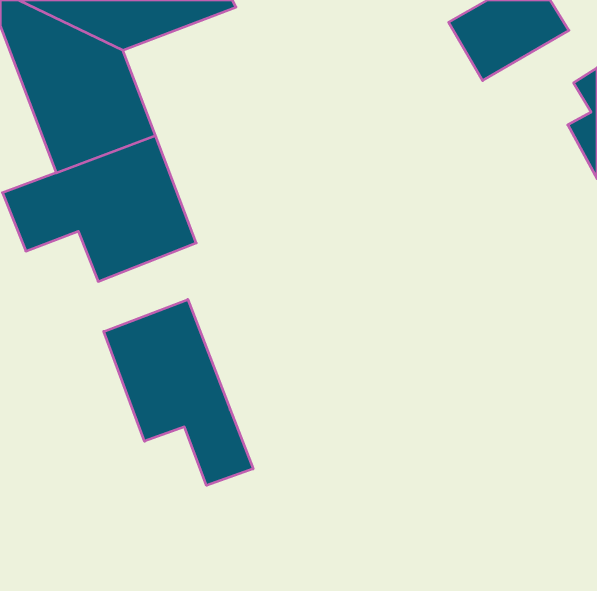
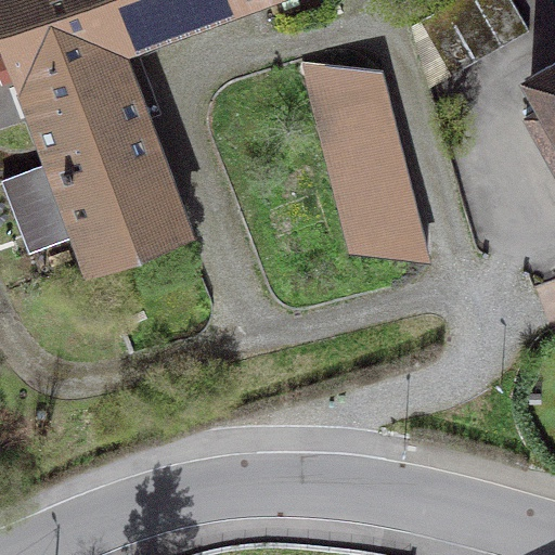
building: none -> [308,61,424,259]
building: [104,299,253,485] -> none

